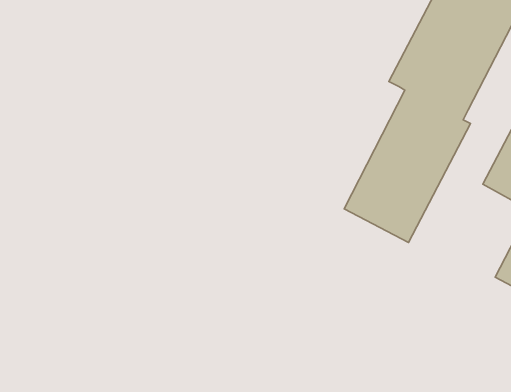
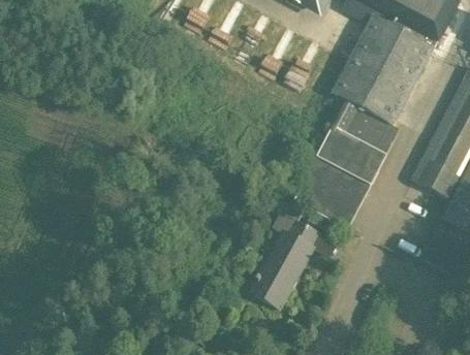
building: none -> [251,206,321,302]

